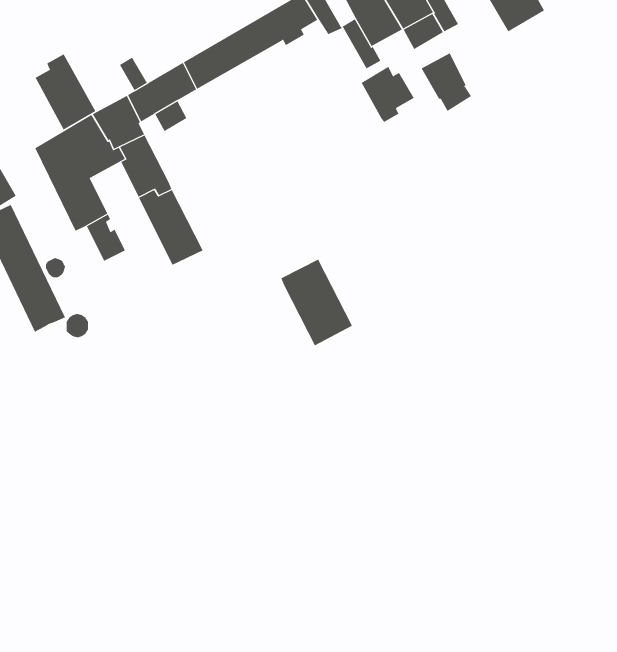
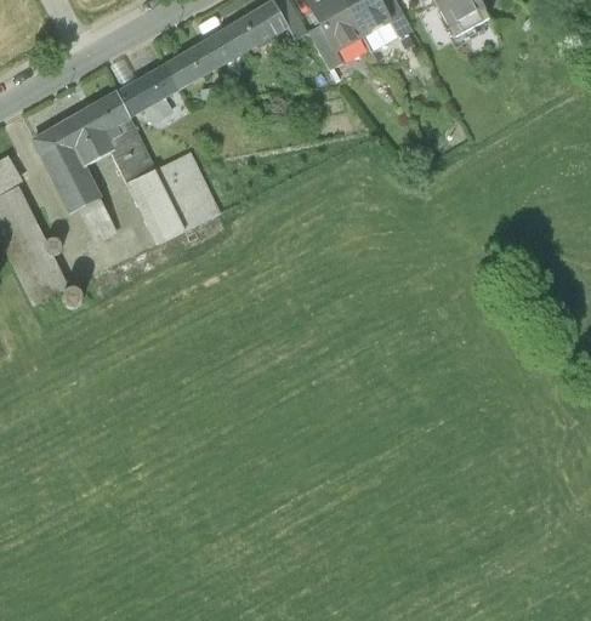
building: [421,52,472,112] -> none
building: [35,53,96,130] -> none
building: [361,66,414,123] -> none
building: [280,259,353,346] -> [154,152,218,229]

